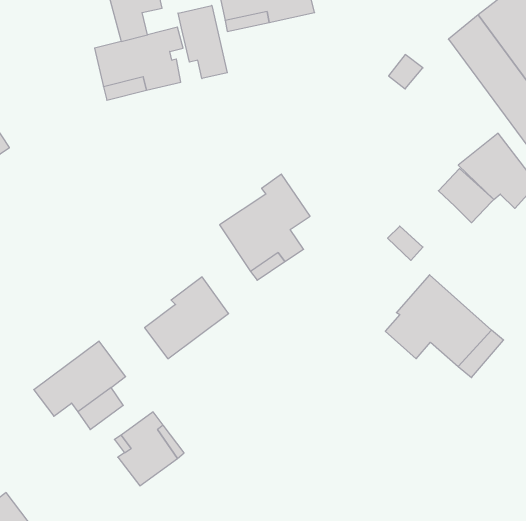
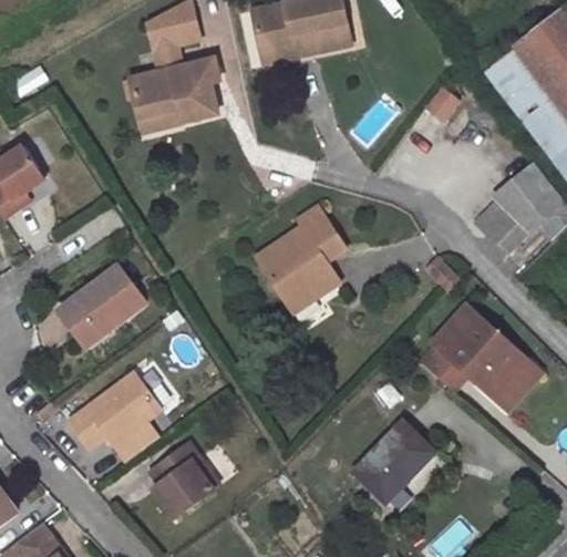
building: [178,5,227,79] -> none
building: [145,277,229,359] -> [62,265,146,347]
building: none -> [353,420,436,503]

